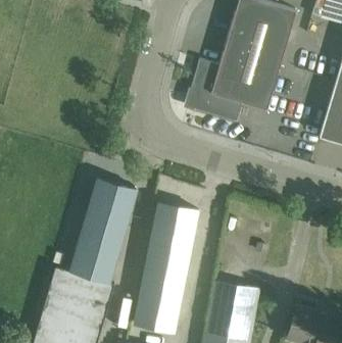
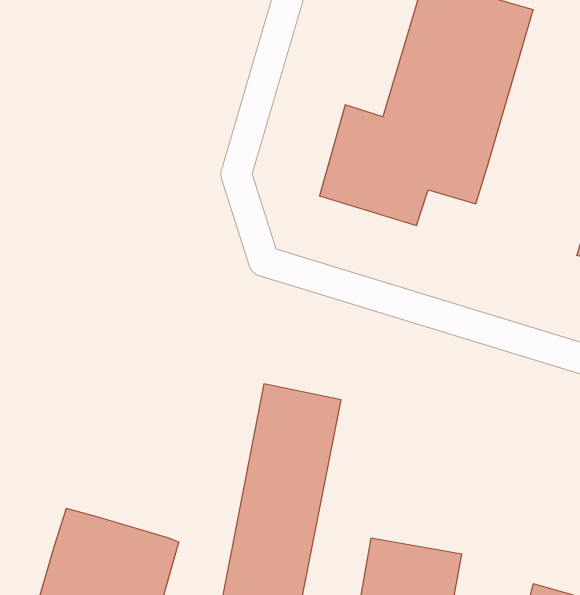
building: [71,177,137,282] -> none

